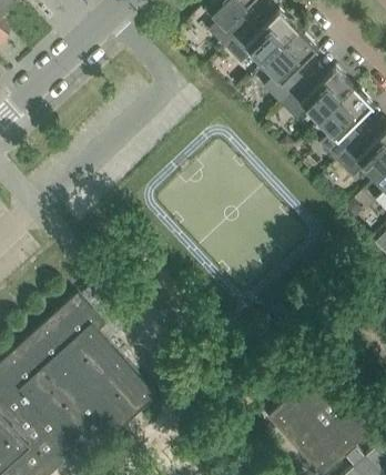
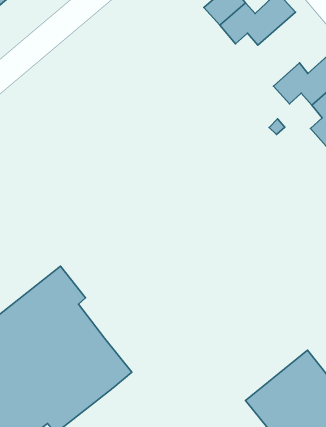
building: [263,31,318,105] -> none

